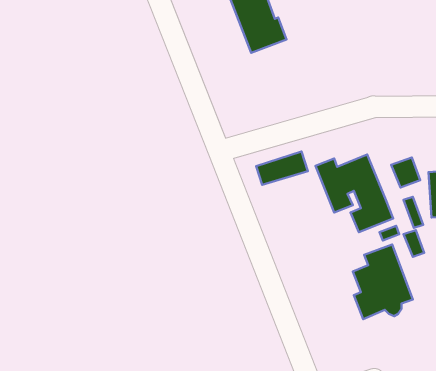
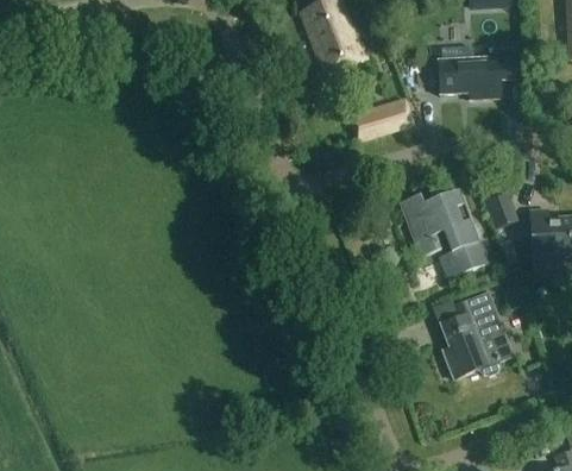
building: none -> [438,44,515,98]
building: [256,152,308,185] -> [352,99,411,137]

